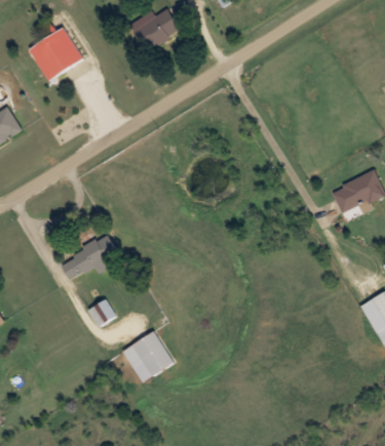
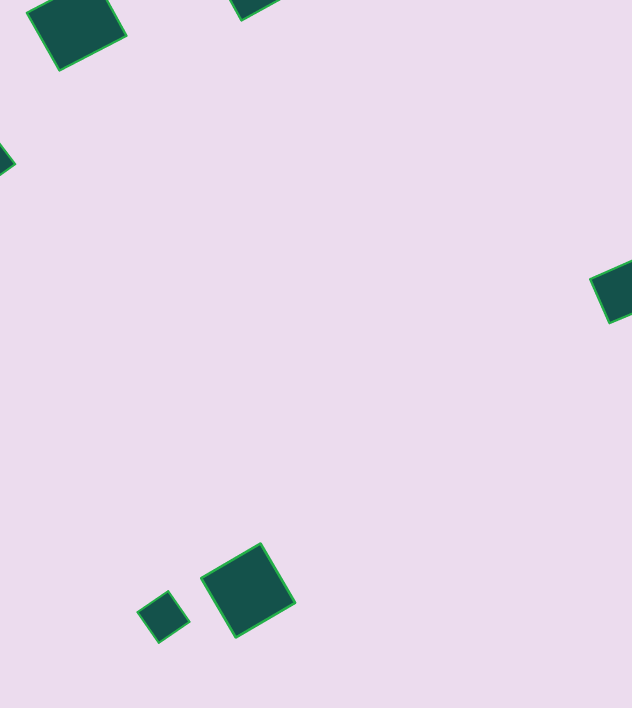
building: [57,237,119,280] -> none
building: [88,298,116,326] -> [138,591,189,643]

